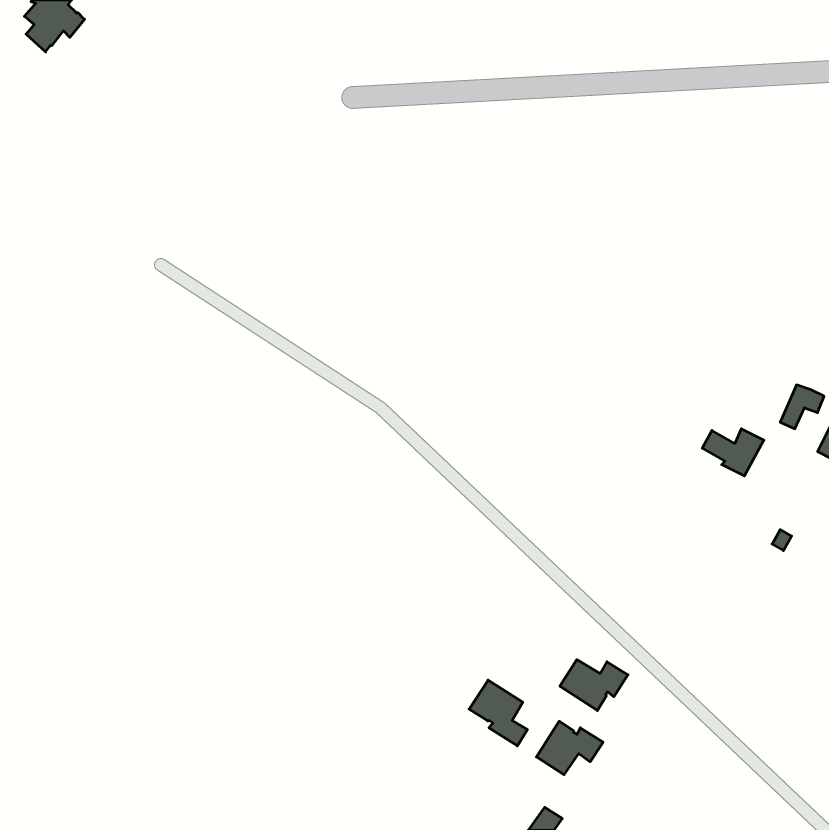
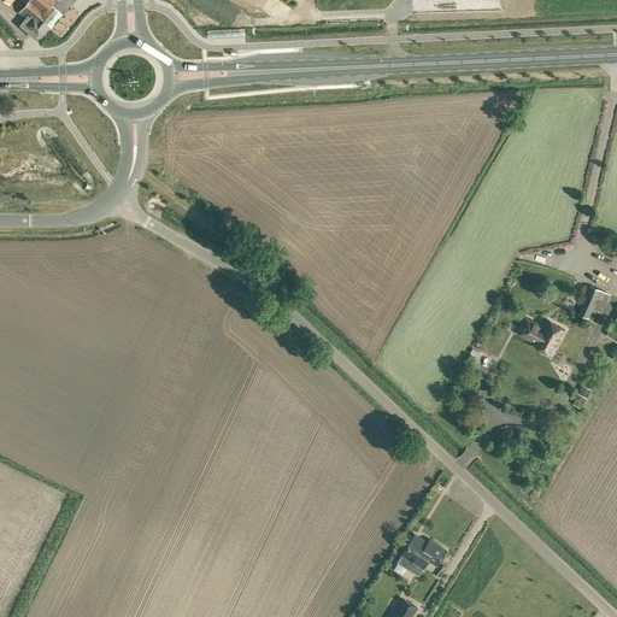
building: [560,660,628,711] -> none
building: [469,680,527,746] -> none

